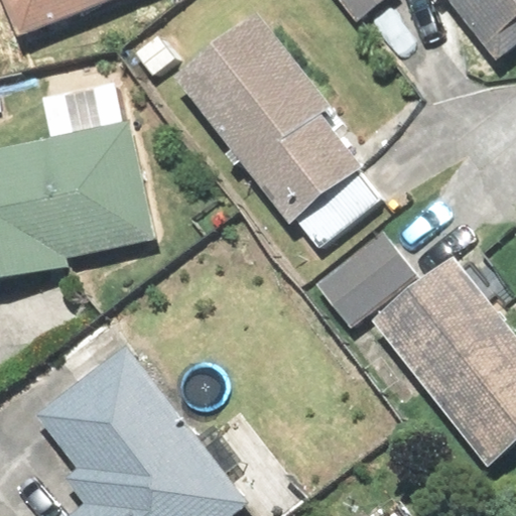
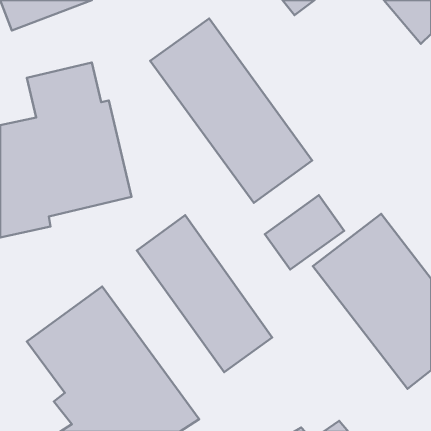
building: none -> [137,215,272,372]

